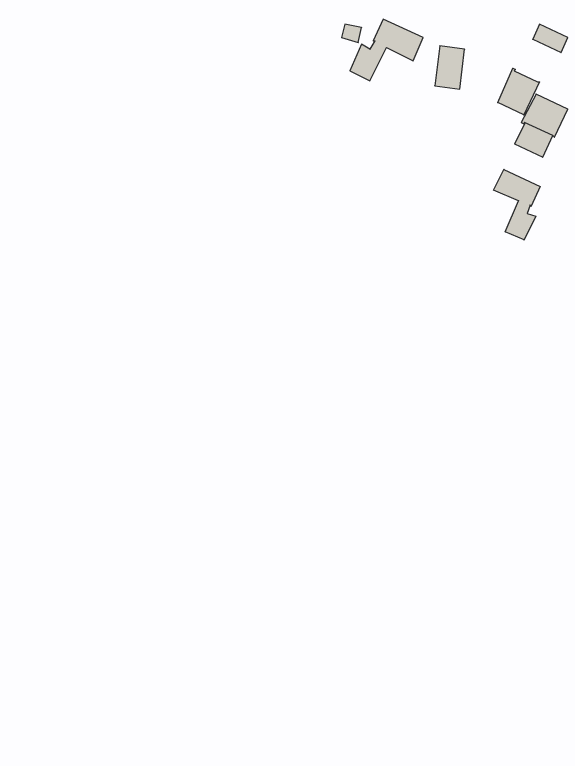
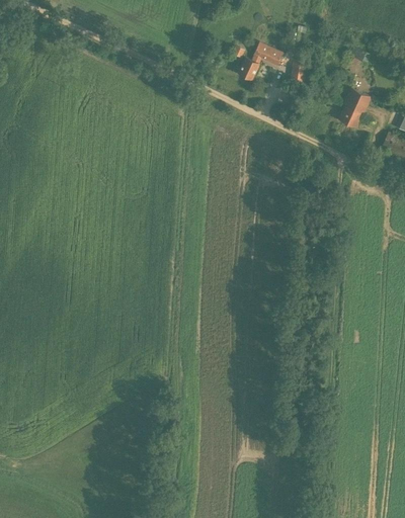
building: [498,68,540,115] -> none
building: [494,169,540,240] -> none

